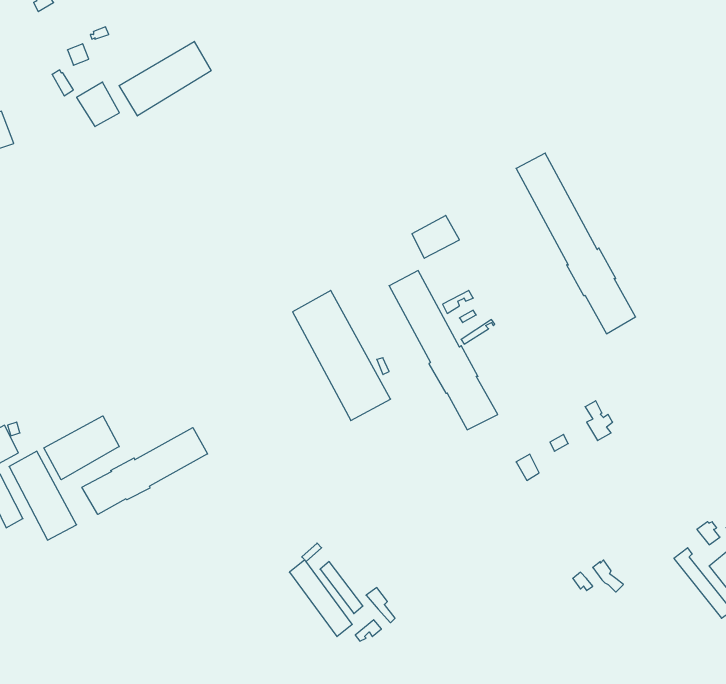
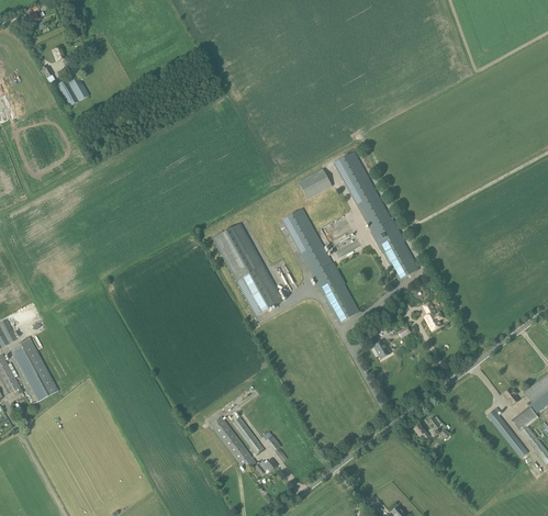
building: [119,41,211,116] -> none
building: [516,153,636,334] -> [334,150,420,280]
building: [44,416,119,480] -> none
building: [82,428,208,514] -> none

